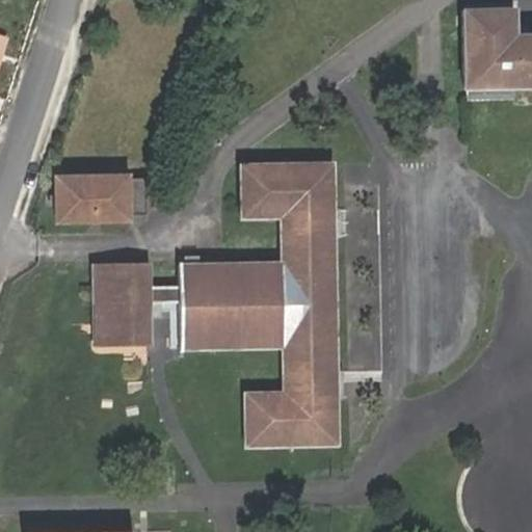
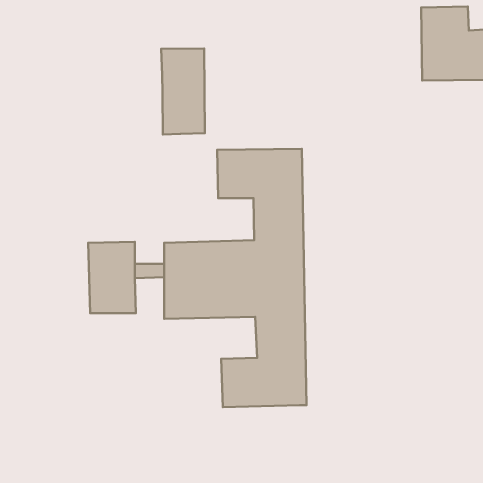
building: none -> [161,49,205,135]
building: [55,174,147,222] -> none

